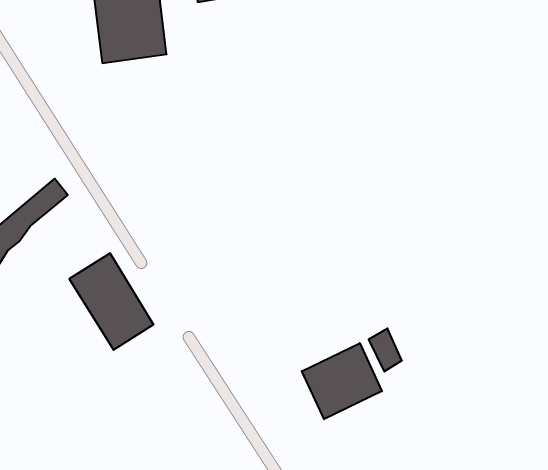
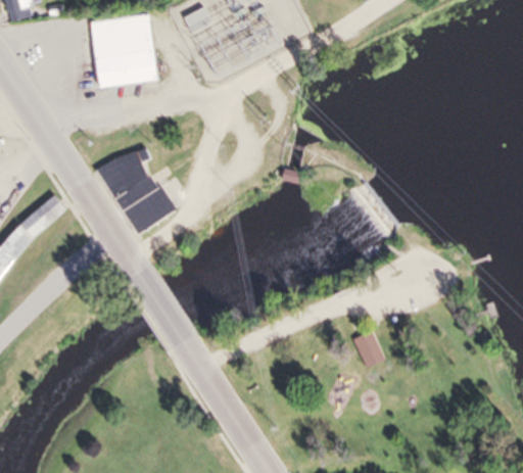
building: [69,253,154,350] -> [98,146,176,235]
building: [302,343,382,419] -> none

